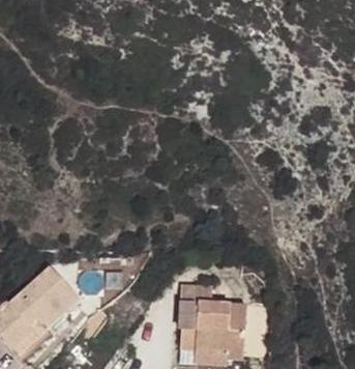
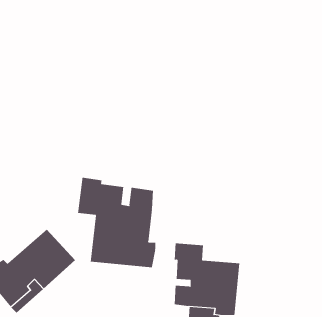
building: none -> [78,177,156,268]

